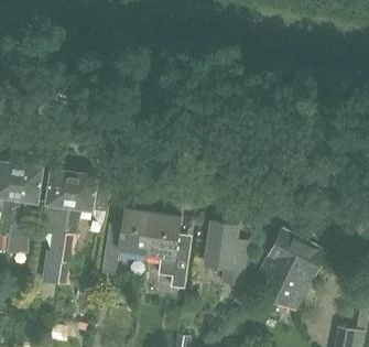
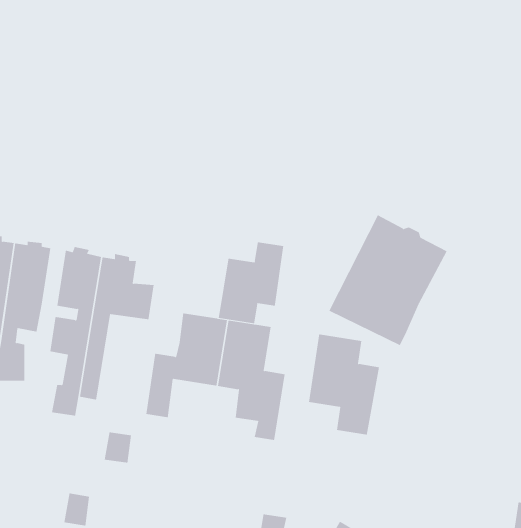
building: none -> [218,242,284,324]
building: [250,229,325,312] -> [329,215,447,346]

